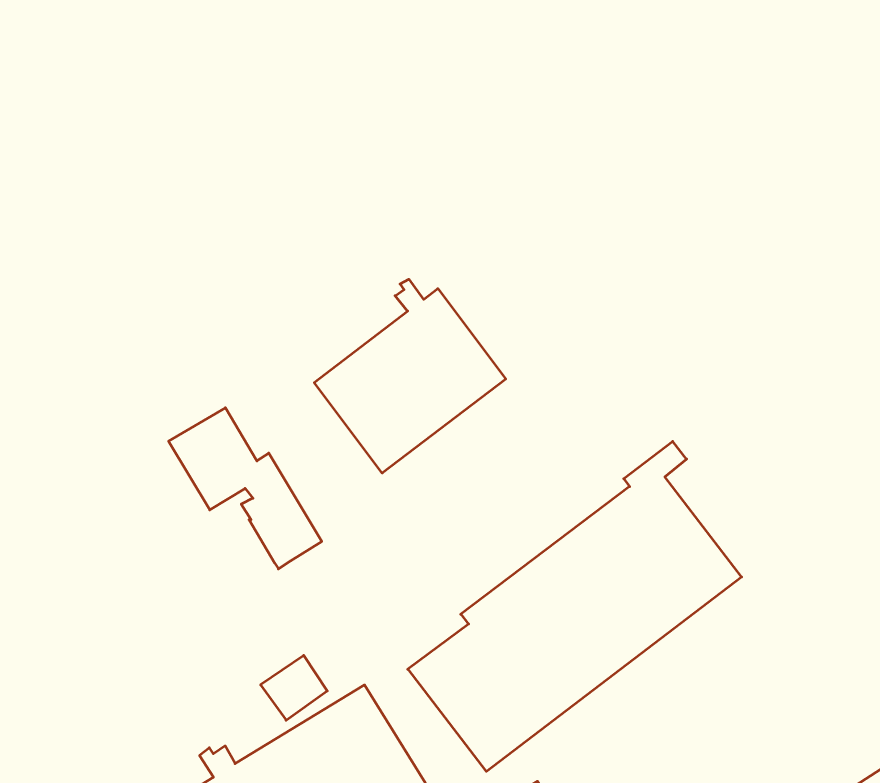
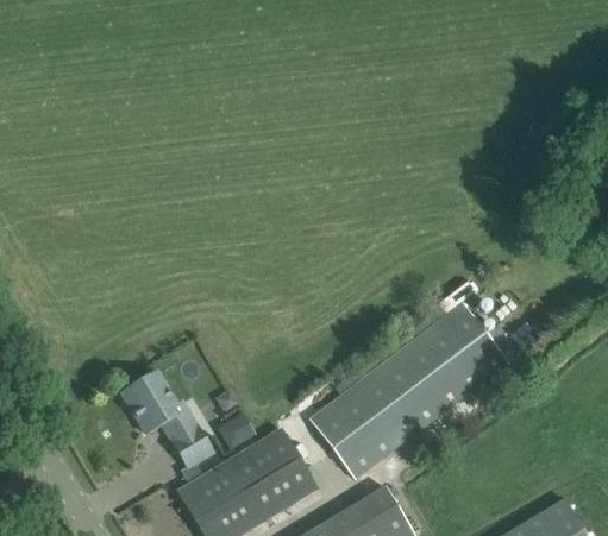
building: [314,279,506,473] -> none
building: [169,408,322,569] -> [123,372,215,469]

